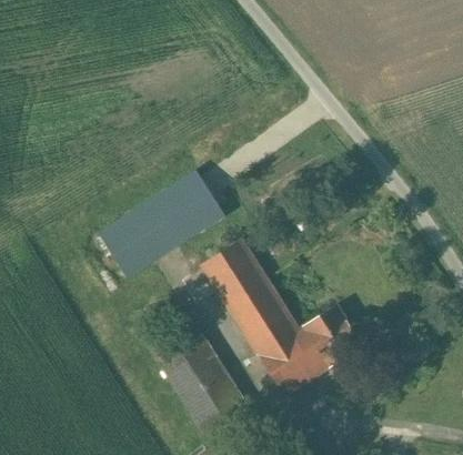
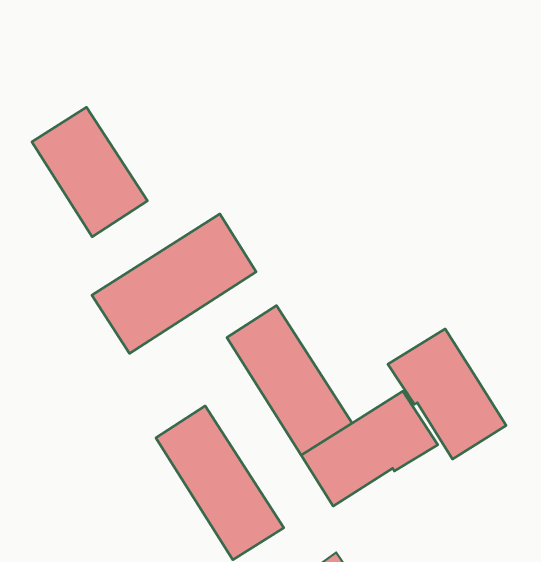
building: none -> [32,107,148,237]
building: none -> [388,329,506,459]

